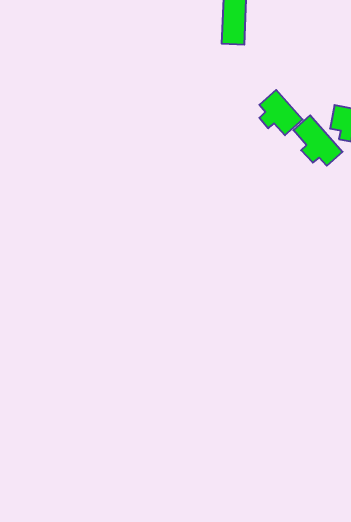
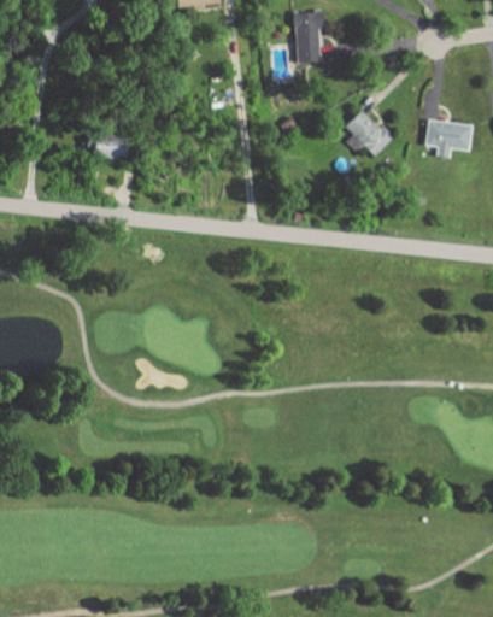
building: none -> [88,134,125,157]
building: [293,115,343,166] -> none

